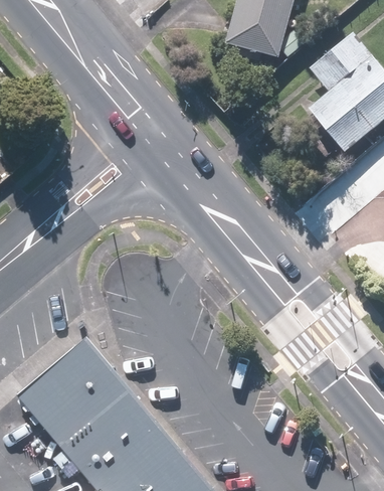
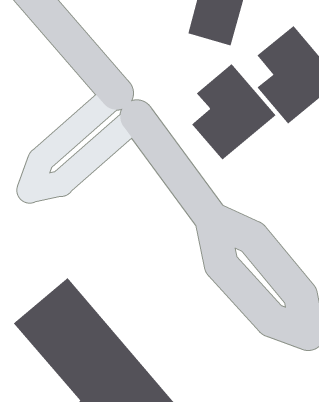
building: none -> [191,63,276,160]

